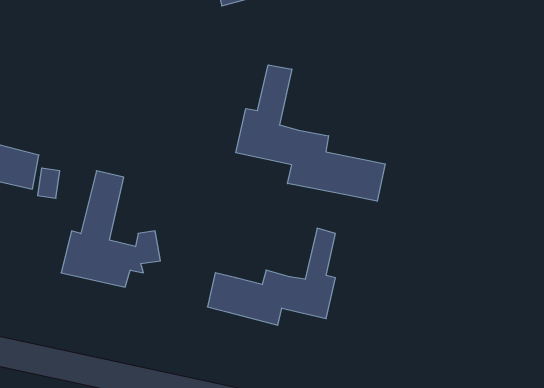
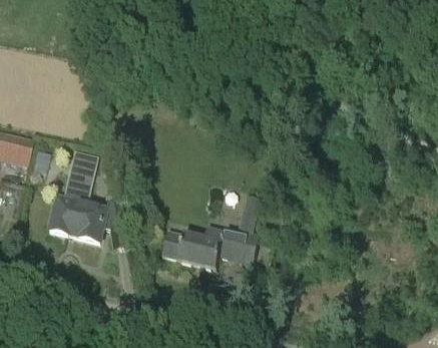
building: [236,65,385,201] -> none

